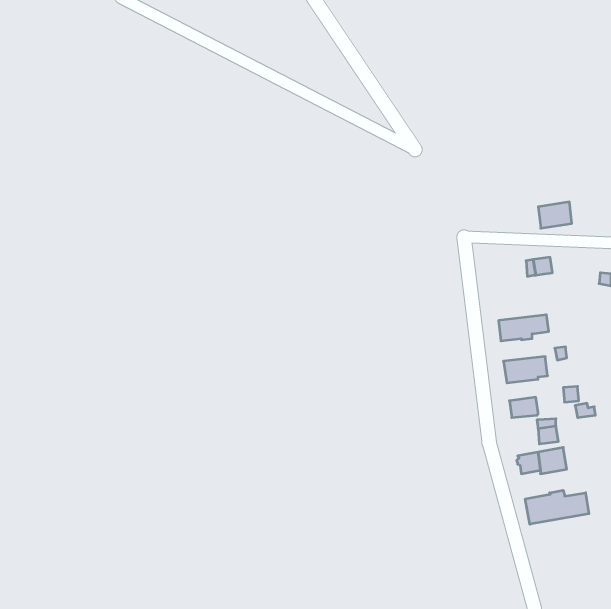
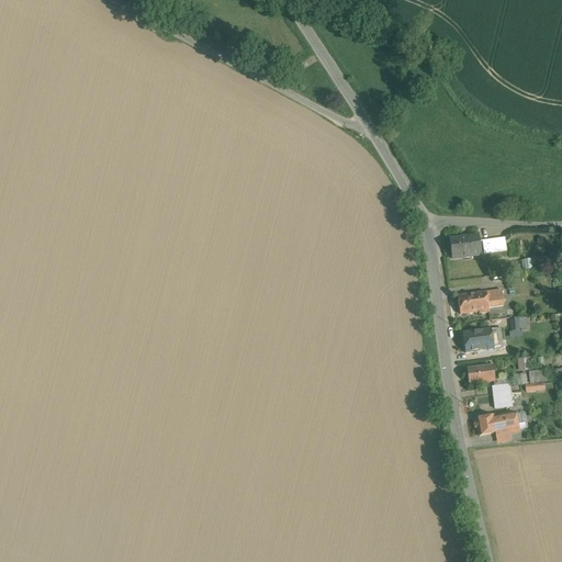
building: [538,202,572,228] -> [450,234,481,258]
building: [525,490,589,524] -> none

